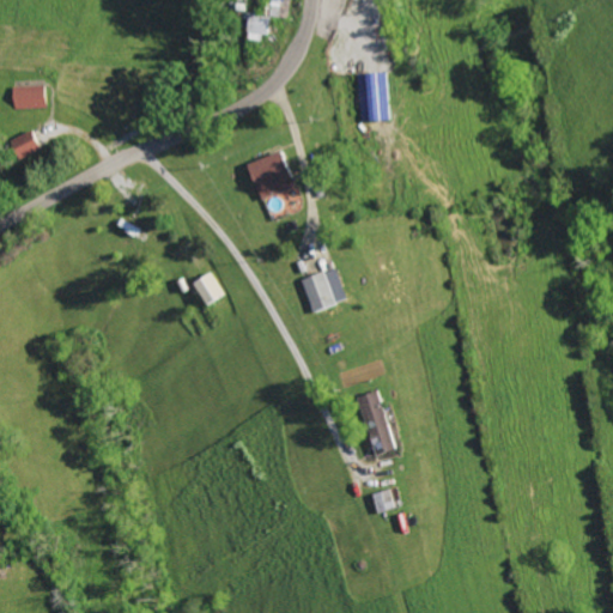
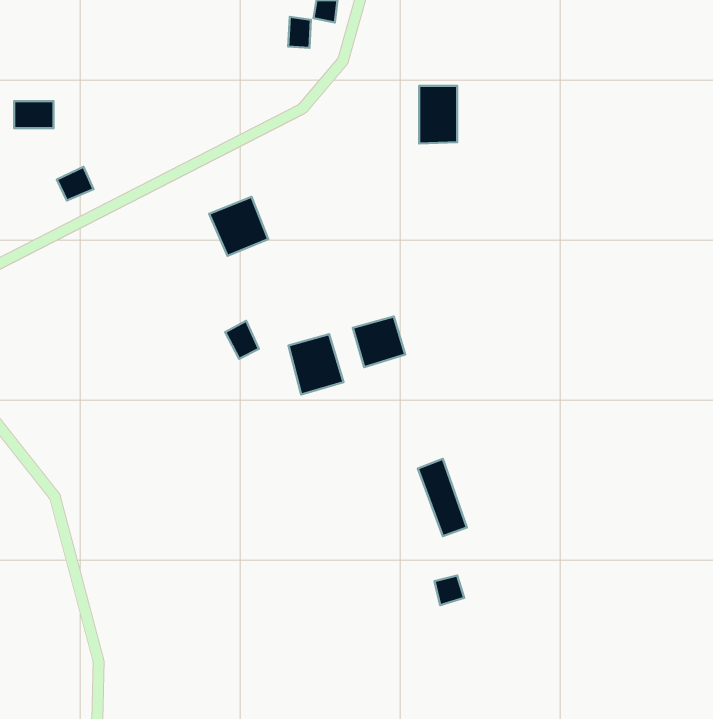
building: [11,129,42,158] -> [57,167,93,201]
building: [247,150,297,200] -> [209,197,268,256]
building: none -> [288,334,343,394]

